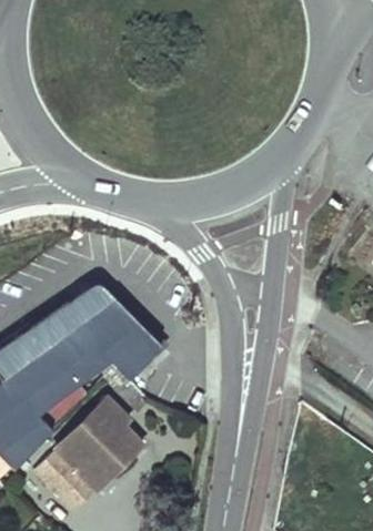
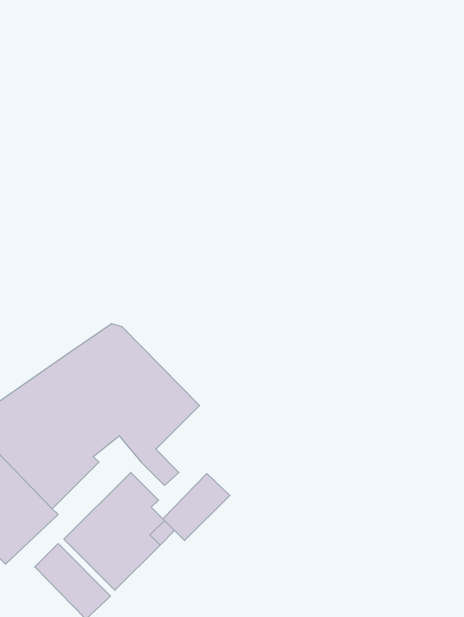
building: none -> [163,474,230,541]

